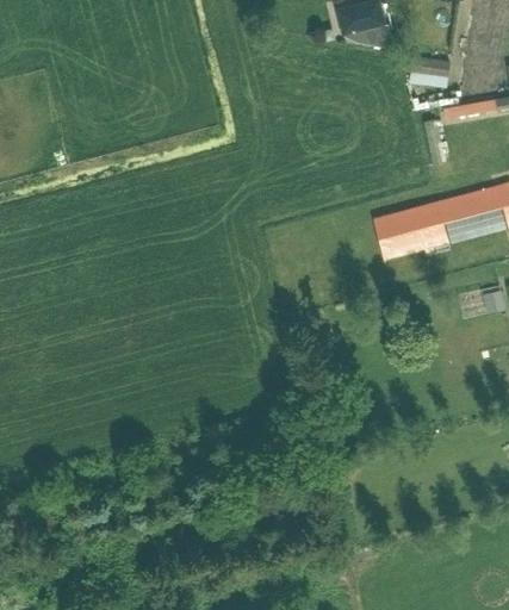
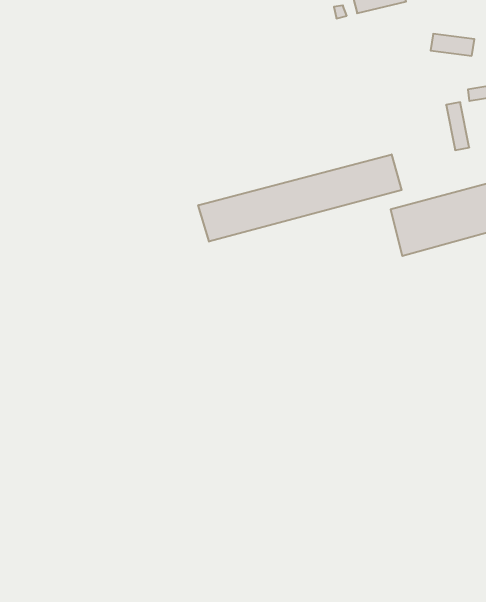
building: none -> [198,154,402,242]

